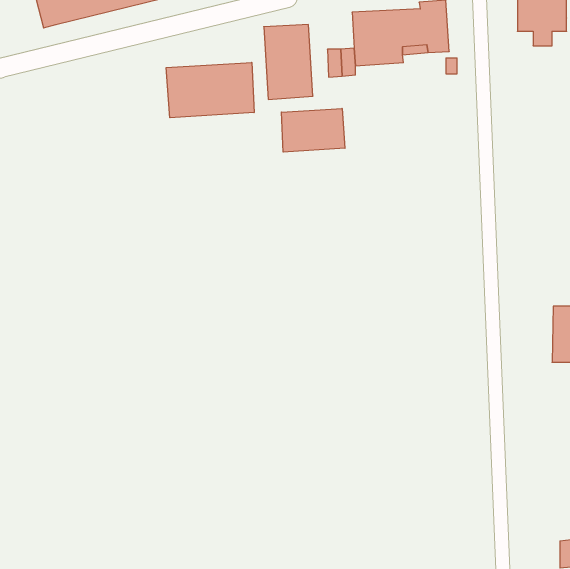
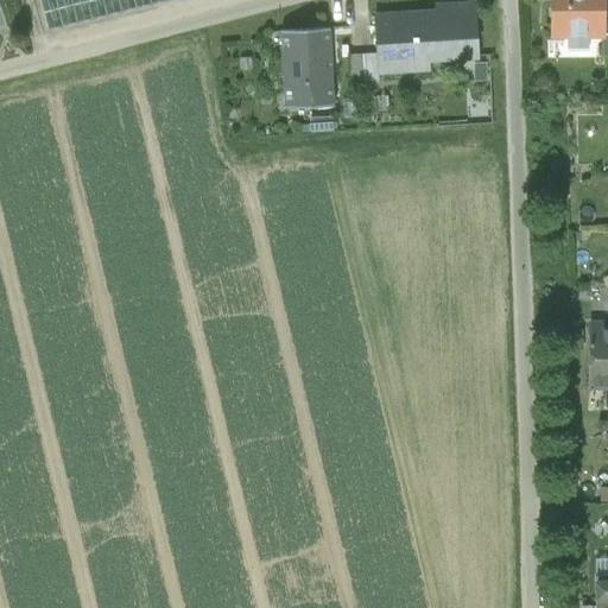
building: [166,62,254,118] -> none
building: [281,108,345,152] -> none

